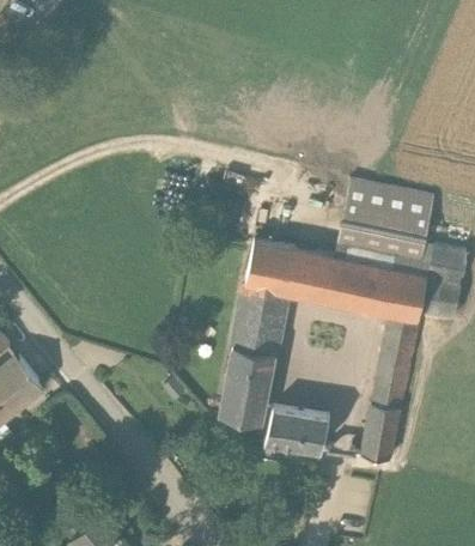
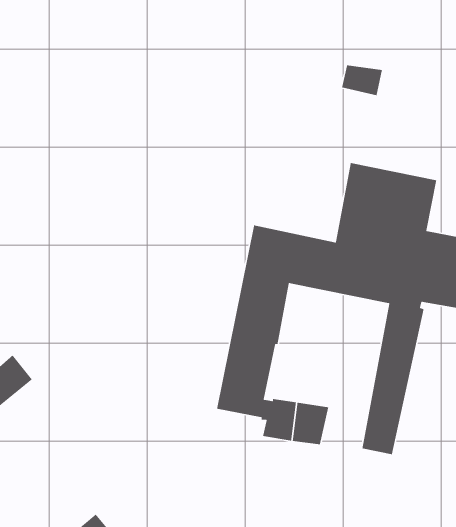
building: none -> [341,65,383,96]

